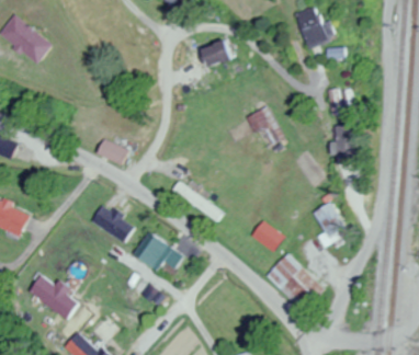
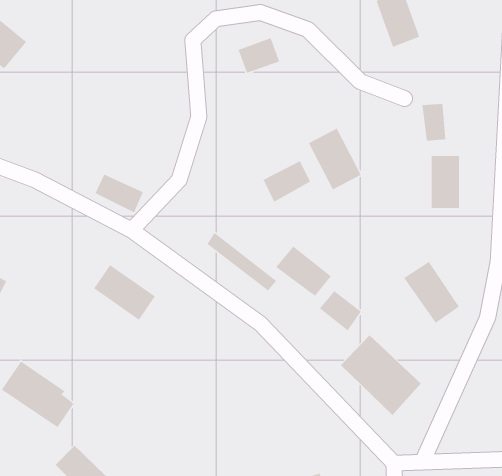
building: none -> [263,160,311,203]
building: none -> [275,246,332,297]
building: [135,232,186,271] -> none

